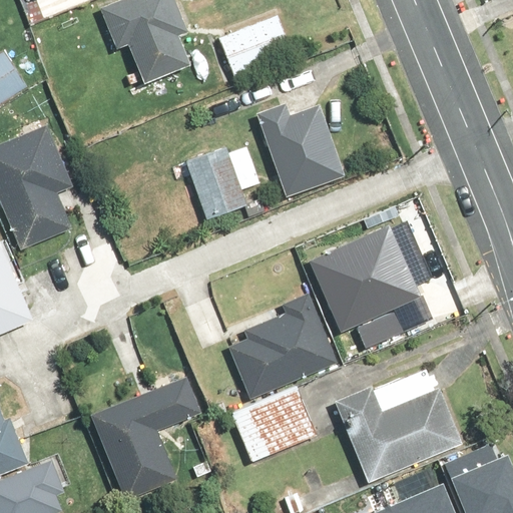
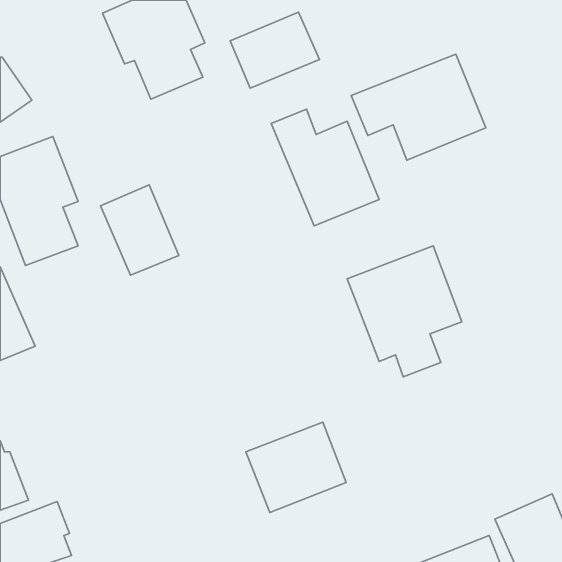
building: none -> [351,54,486,160]
building: [176,146,247,228] -> [101,185,179,275]
building: [229,289,334,390] -> none
building: [332,368,462,489] -> none
building: [92,372,197,496] -> none

